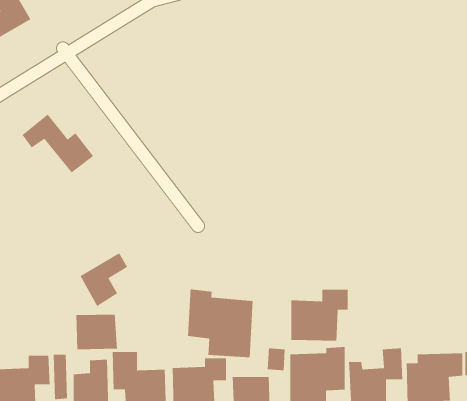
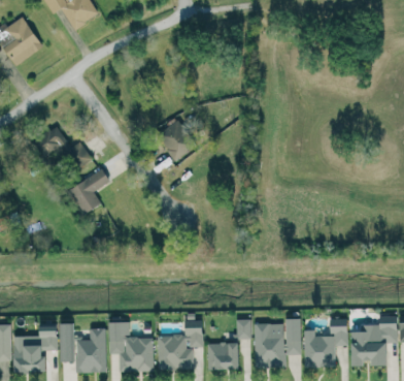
building: none -> [155,116,197,160]
building: [79,252,128,307] -> [69,168,109,214]
building: [187,289,254,358] -> none
building: [290,289,349,342] -> none
building: [76,314,118,350] -> none

